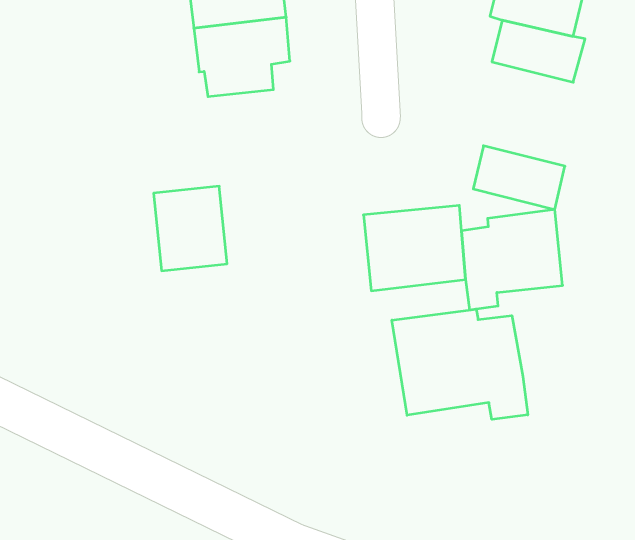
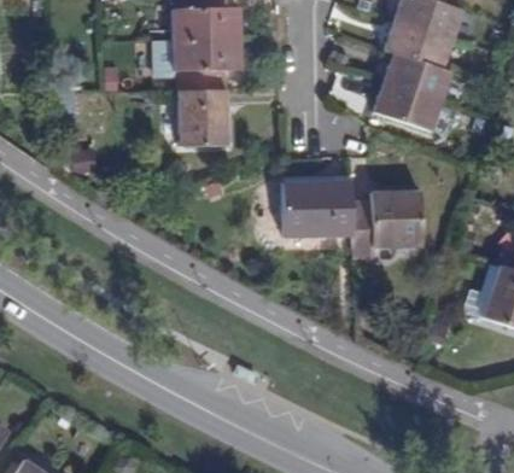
building: [473,146,565,210] -> [374,80,440,129]
building: [154,186,227,271] -> [180,87,228,144]
building: [392,309,528,419] -> none

